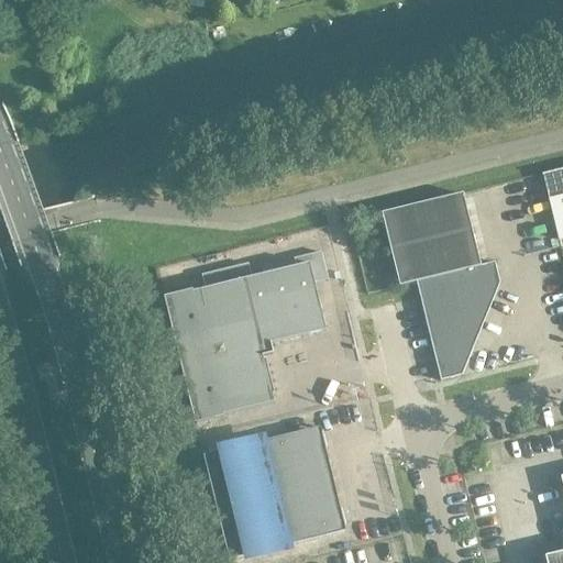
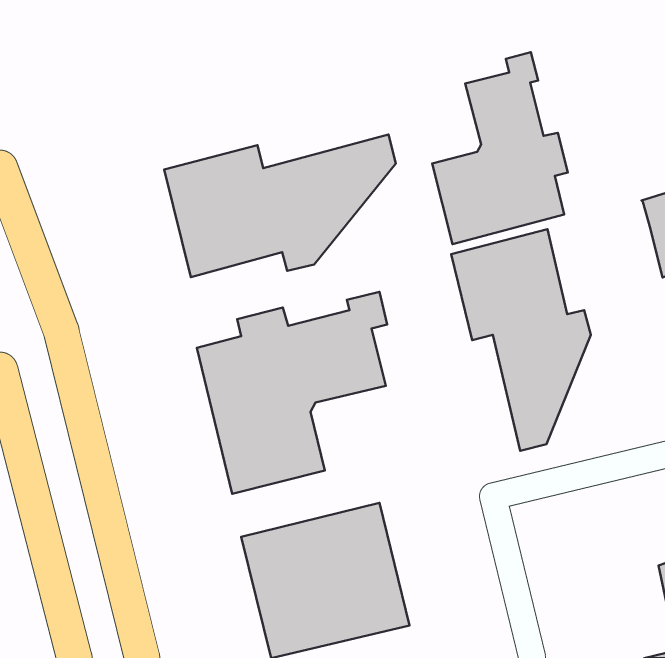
building: none -> [432,52,568,244]
building: none -> [164,135,396,277]

